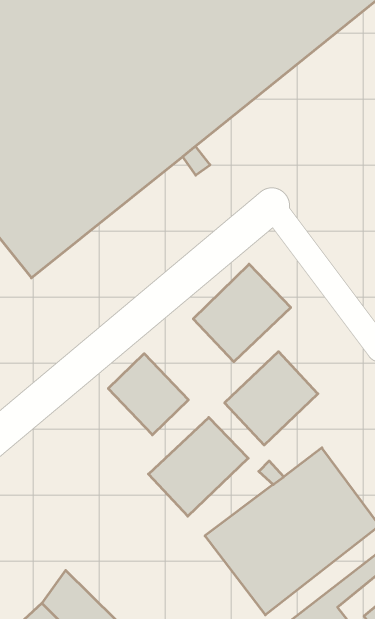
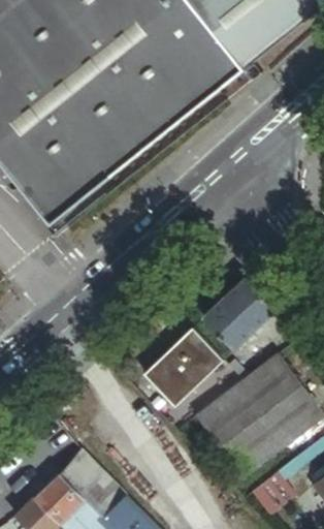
building: [193,264,291,362] -> none
building: [108,354,188,435] -> none

